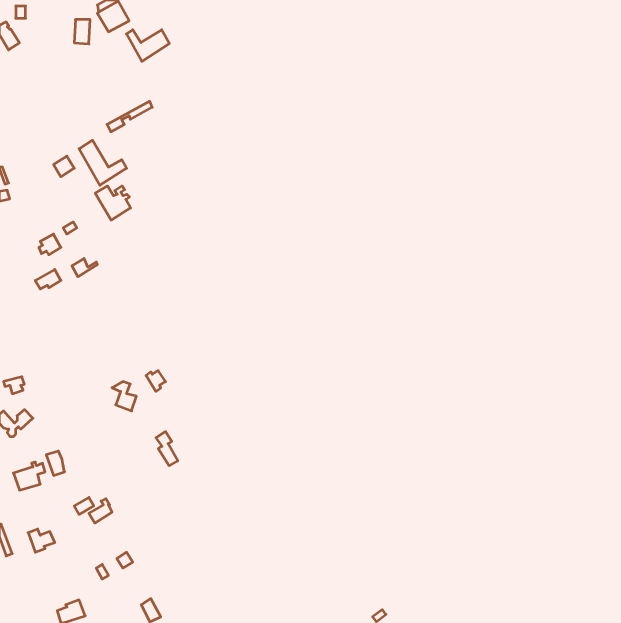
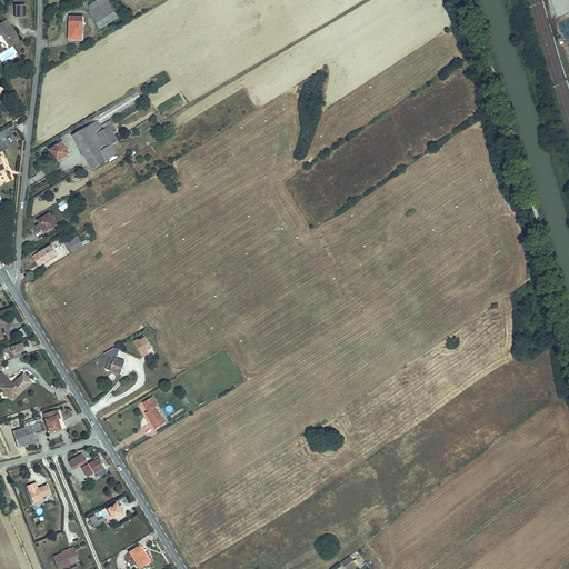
building: [126,30,169,61] -> none
building: [95,186,131,220] -> [84,121,117,152]

